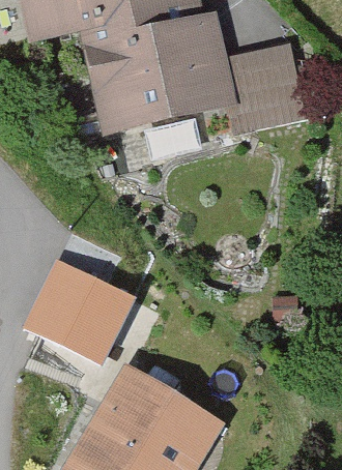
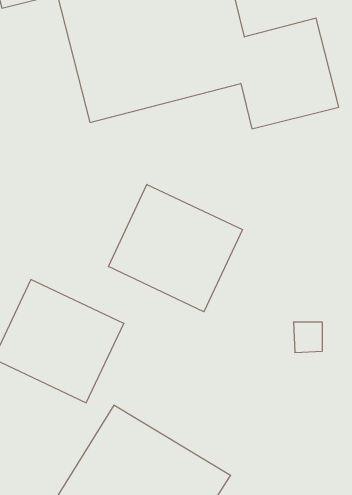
building: none -> [108,184,243,312]

